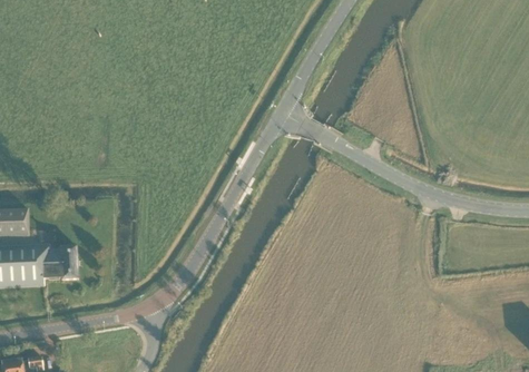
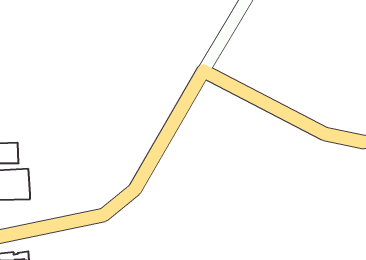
building: [41,244,78,280] -> none

